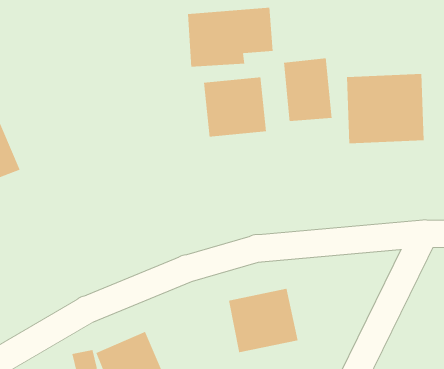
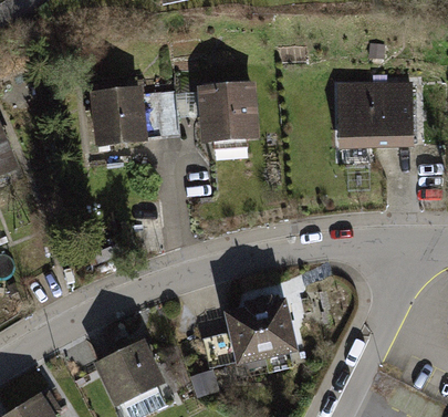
building: [187,7,273,67] -> [94,94,178,153]
building: [284,58,332,122] -> none

